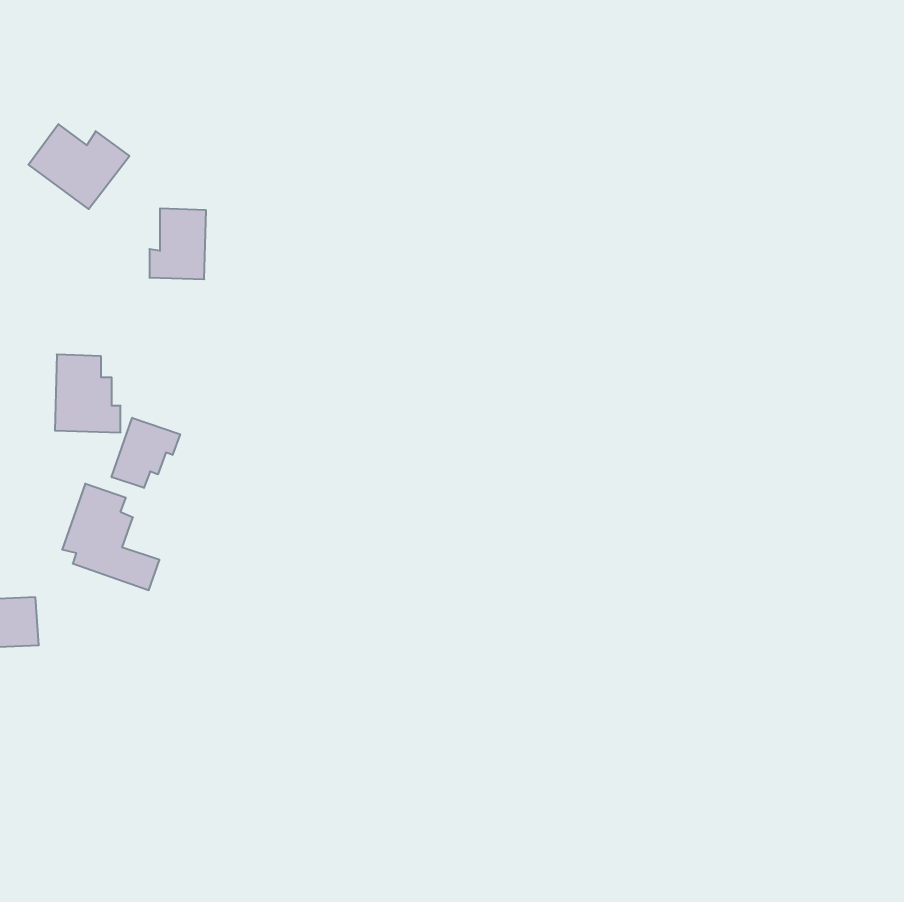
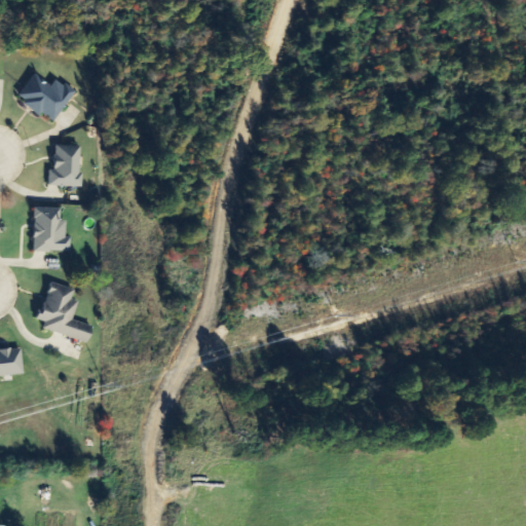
building: [149,208,206,279] -> [47,144,80,185]
building: [112,418,180,488] -> none

